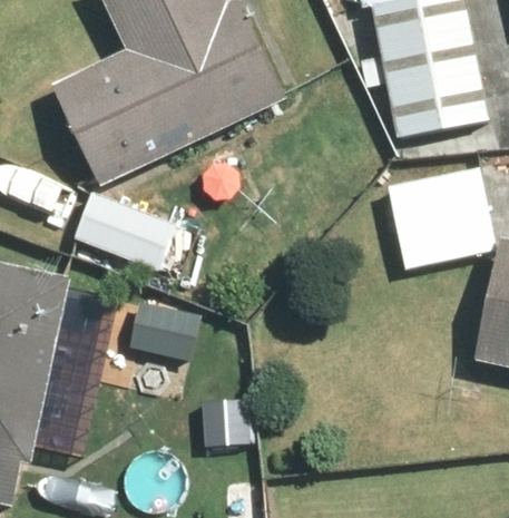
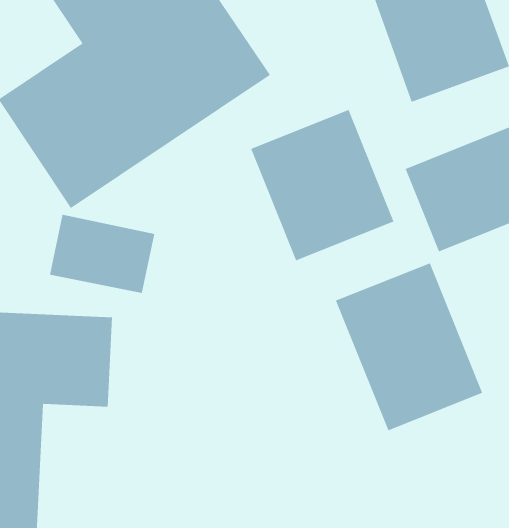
building: none -> [250,109,394,261]
building: none -> [335,262,483,431]

